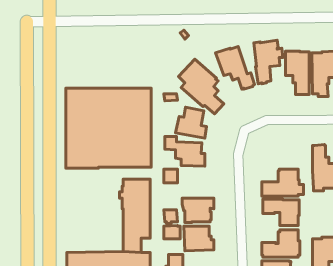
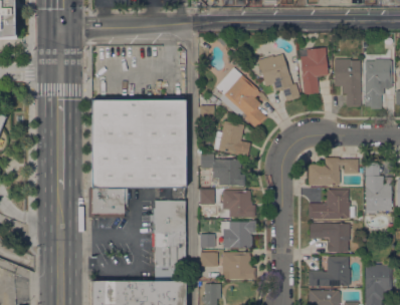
building: none -> [309,158,359,185]
building: none -> [88,188,128,217]
building: none -> [220,190,256,217]

